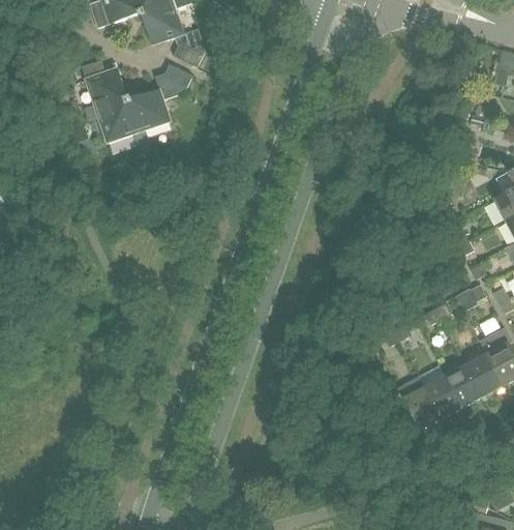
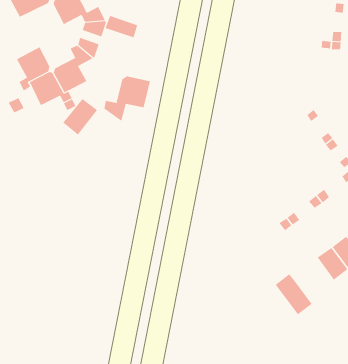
building: none -> [105,15,138,38]
building: none -> [104,75,150,122]
building: none -> [63,98,98,136]
building: [397,375,441,429] -> [275,274,312,315]

